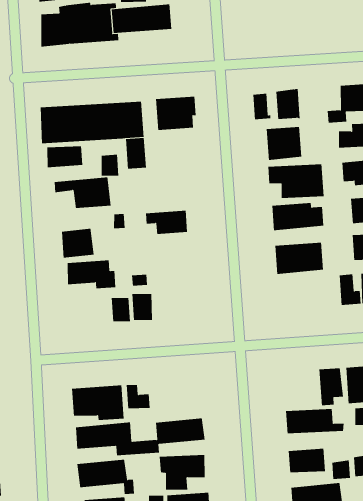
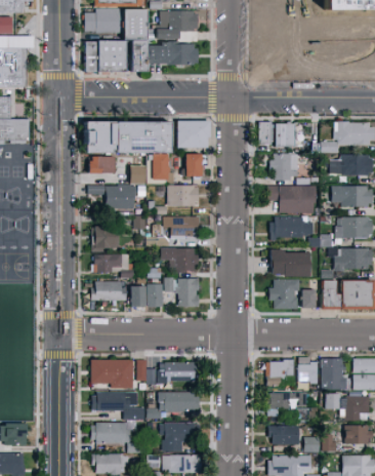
building: none -> [186,154,209,177]
building: none -> [167,185,197,206]
building: none -> [161,247,197,271]
building: none -> [270,279,315,308]
building: none -> [164,277,199,306]
building: none -> [92,281,124,301]
building: none -> [265,359,294,385]
building: none -> [157,361,198,381]

